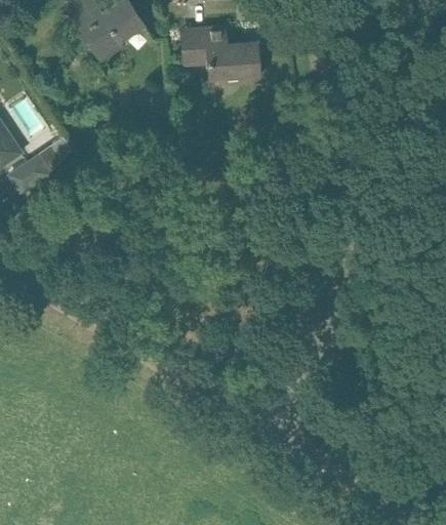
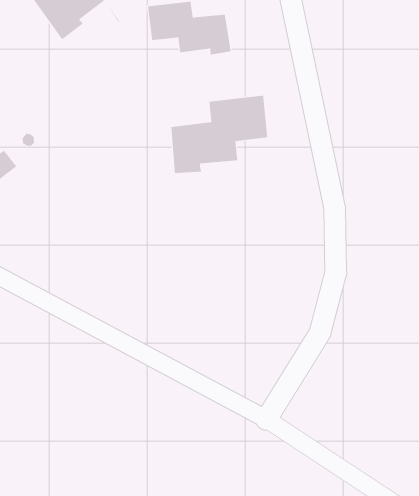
building: none -> [171,95,268,174]

